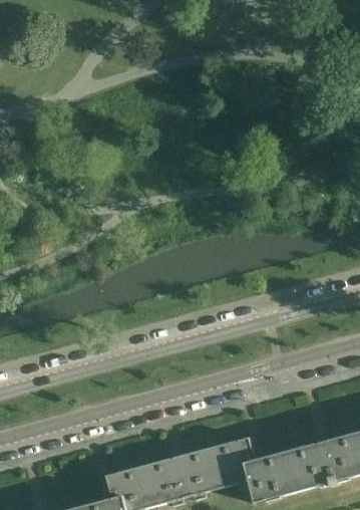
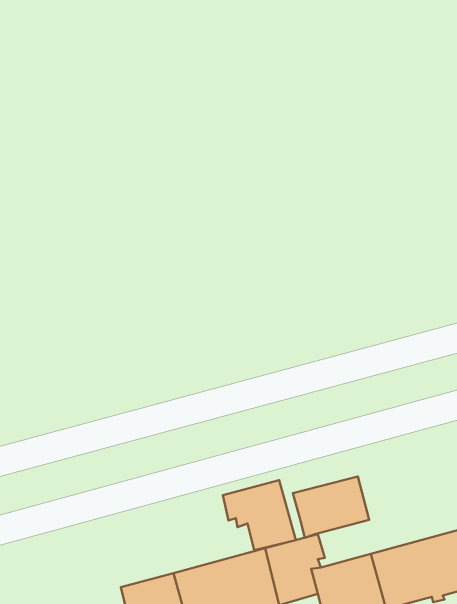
building: none -> [293,476,369,538]
building: none -> [223,480,296,550]

